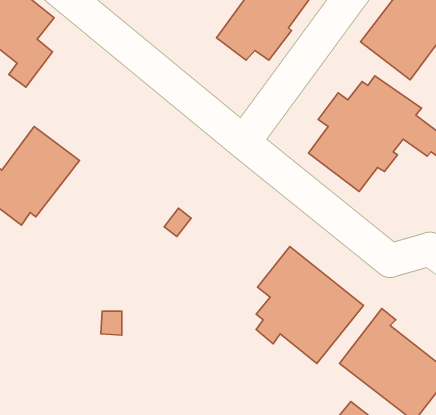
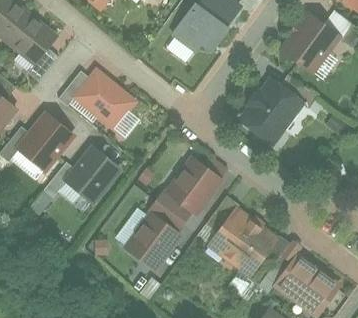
building: none -> [59,64,141,137]
building: none -> [28,140,125,214]
building: none -> [120,152,226,273]

